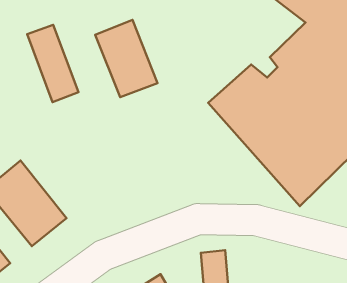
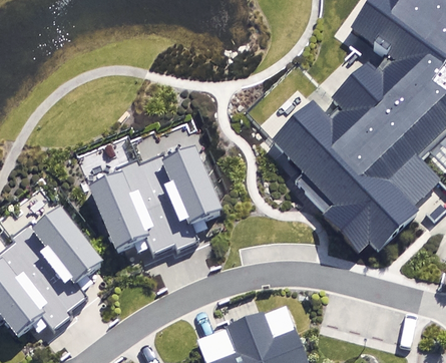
building: [95,20,158,97] -> [158,152,226,236]
building: [27,25,79,102] -> [92,172,147,256]

